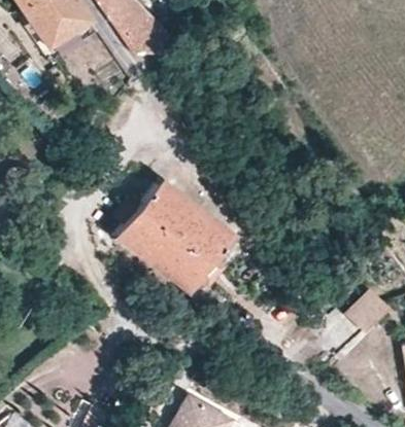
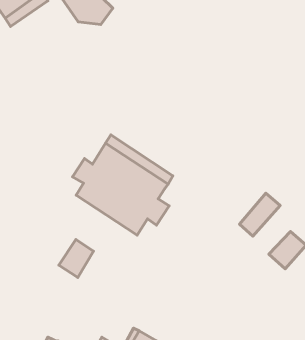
building: none -> [240,193,280,236]
building: none -> [59,239,94,278]

